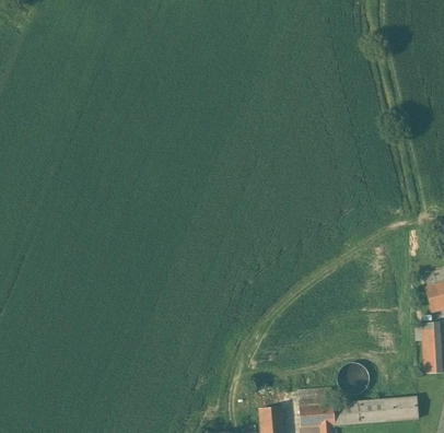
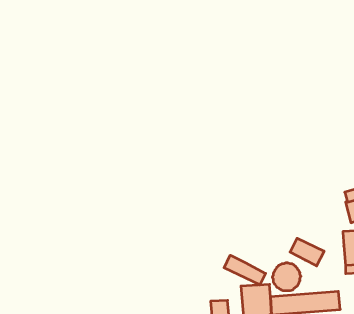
building: none -> [290,238,324,266]
building: none -> [224,255,266,285]

